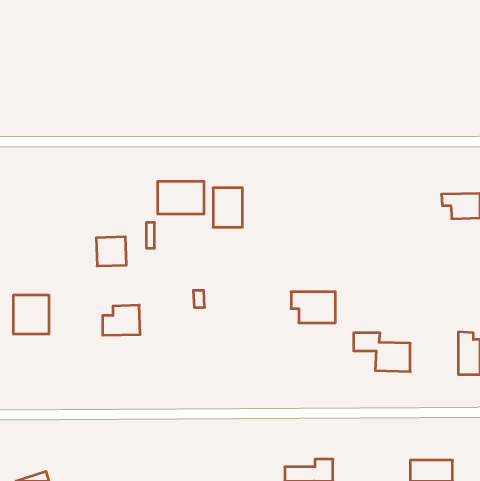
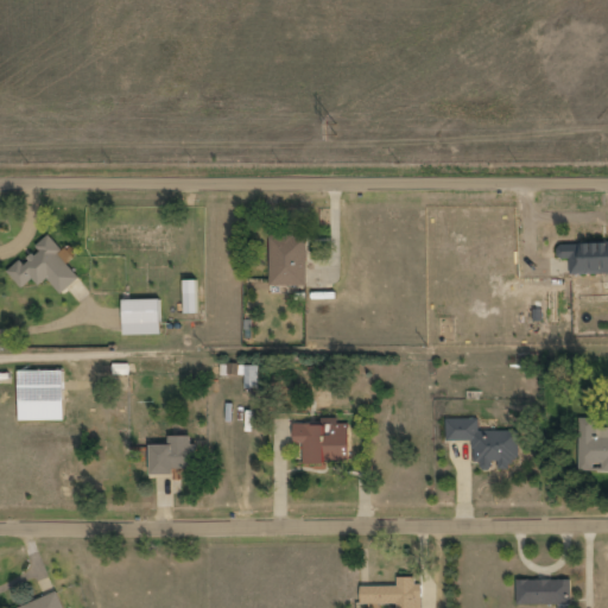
building: [158,181,204,214] -> none
building: none -> [6,235,81,293]
building: [291,292,335,323] -> [292,424,348,463]
building: [103,305,140,335] -> [150,435,197,473]

